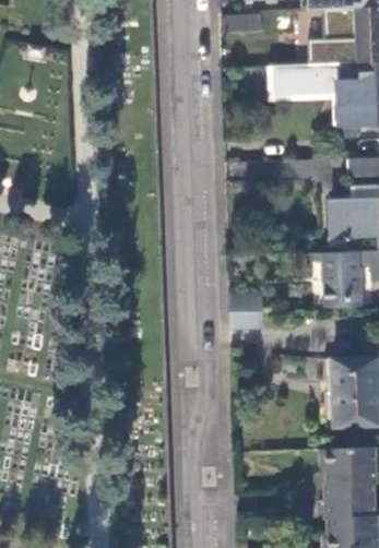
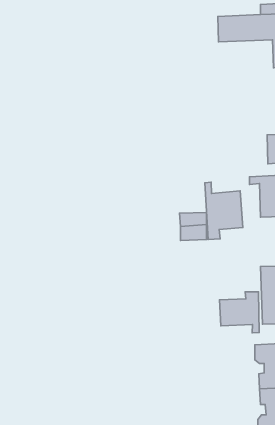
building: none -> [205,182,243,239]
building: none -> [220,292,259,333]

